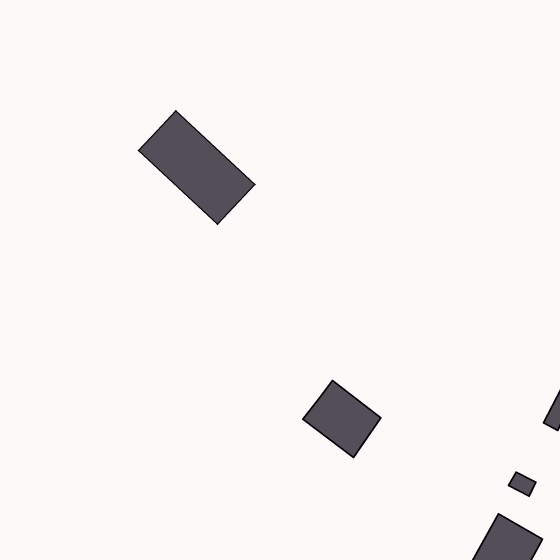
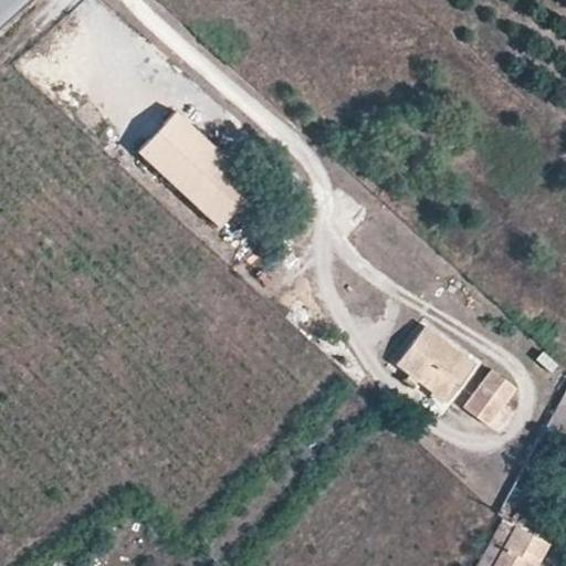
building: none -> [465,370,516,426]
building: [303,381,381,457] -> [397,326,475,403]

